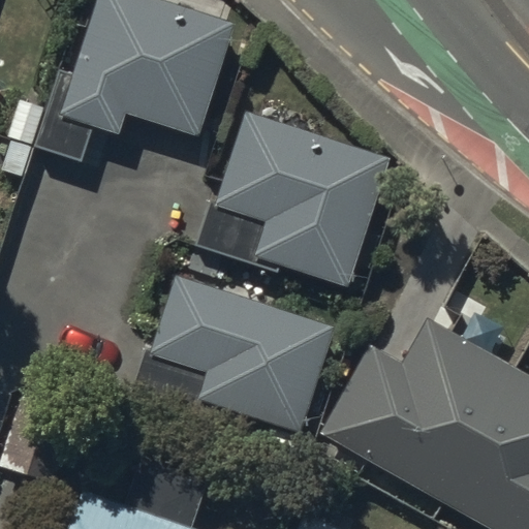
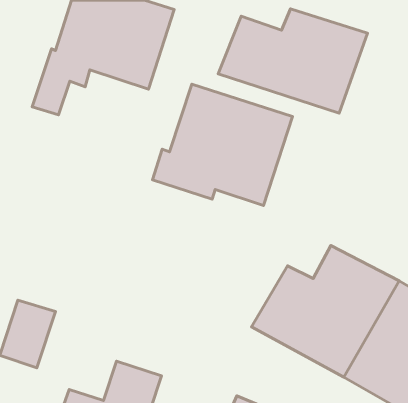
building: none -> [218,9,368,113]
building: [137,275,326,423] -> none

